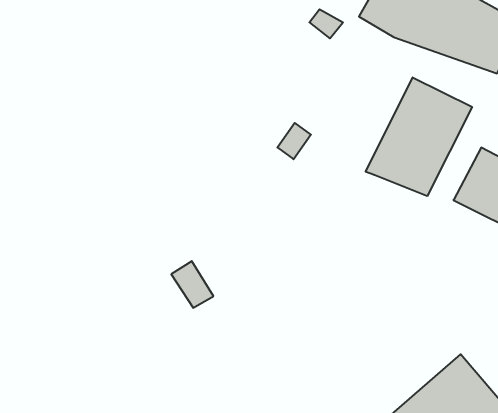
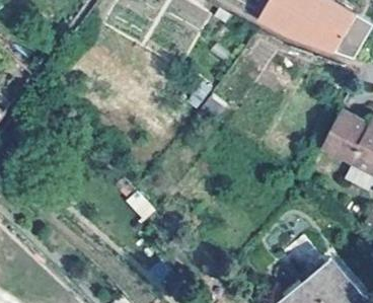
building: [366,77,472,196] -> none

